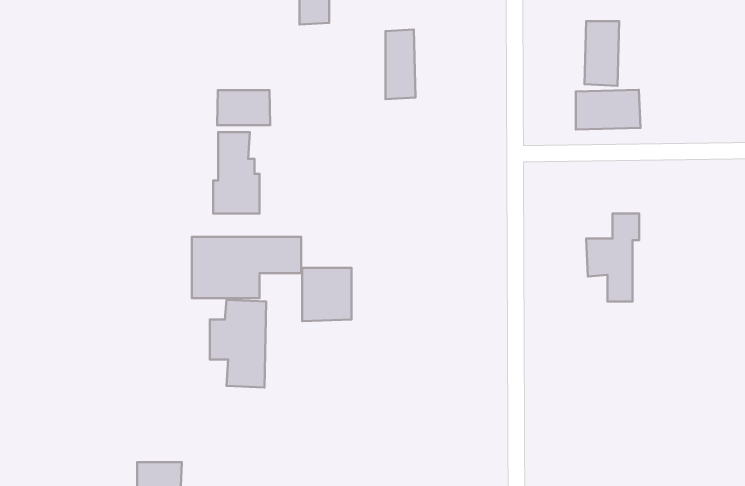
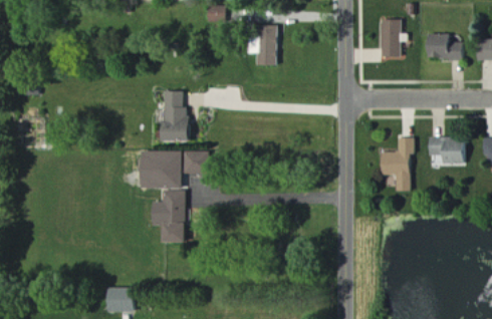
building: [576,90,641,130] -> [425,36,464,60]
building: [217,90,270,125] -> none
building: none -> [429,136,464,163]
building: [302,268,351,321] -> none

